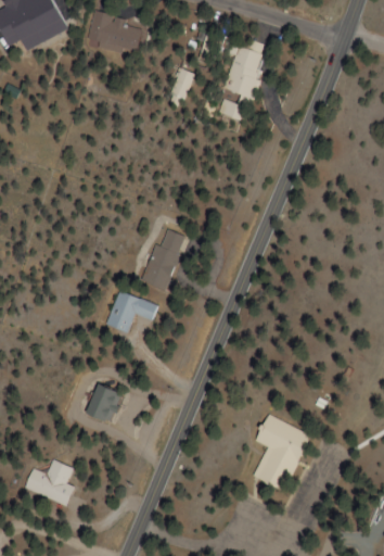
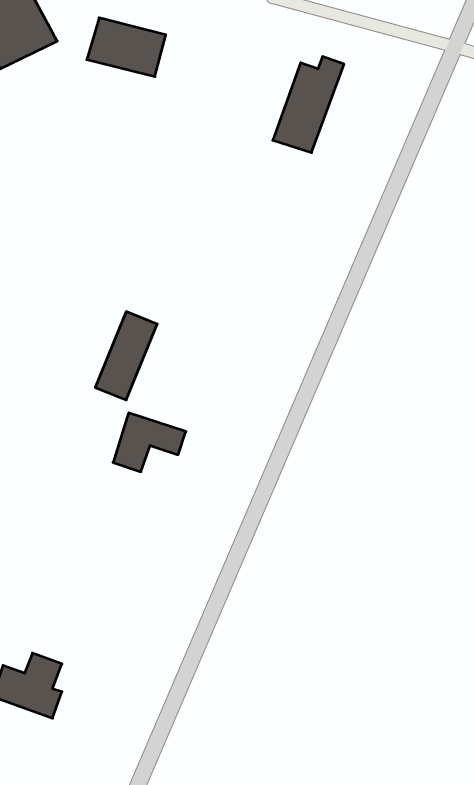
building: [142,228,185,290] -> [95,312,157,400]
building: [84,383,120,424] -> none
building: [253,414,310,491] -> none

